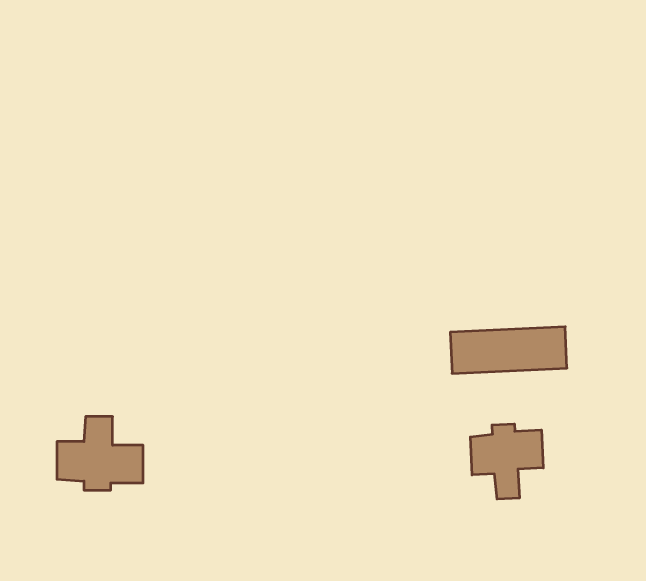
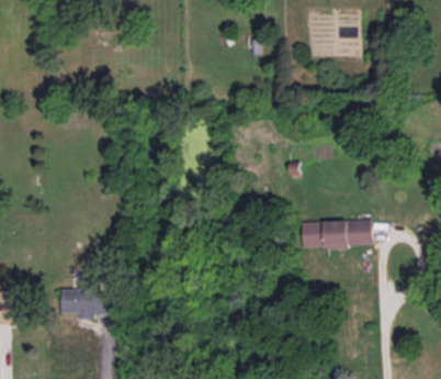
building: [470,424,543,499] -> none

